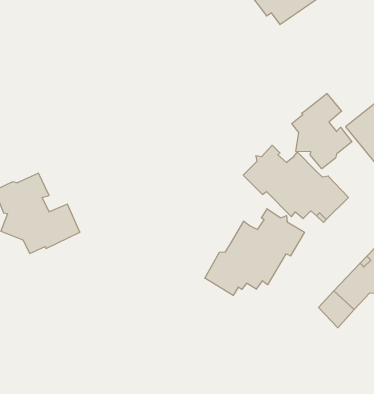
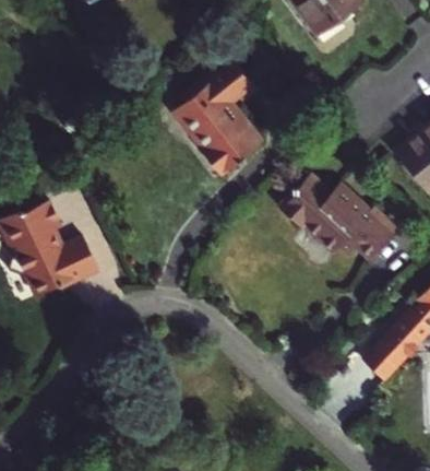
building: none -> [176,56,262,167]
building: [292,94,352,169] -> none
building: [205,209,304,295] -> none

